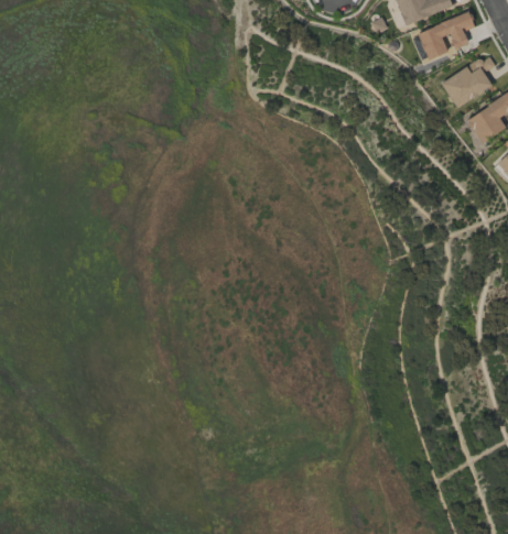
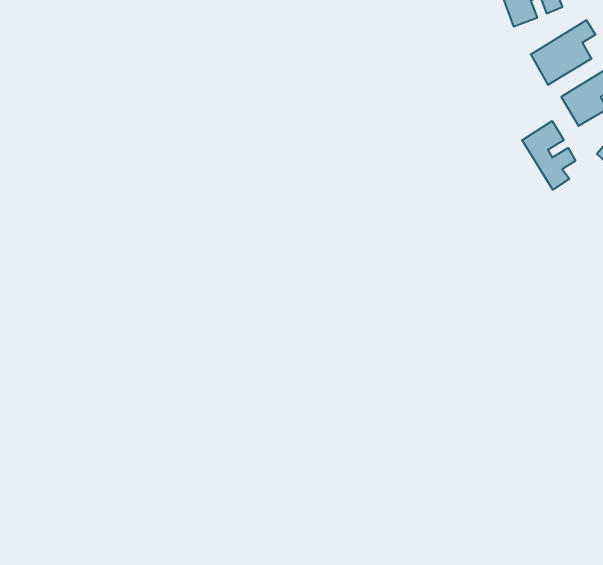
building: none -> [522,121,575,190]

